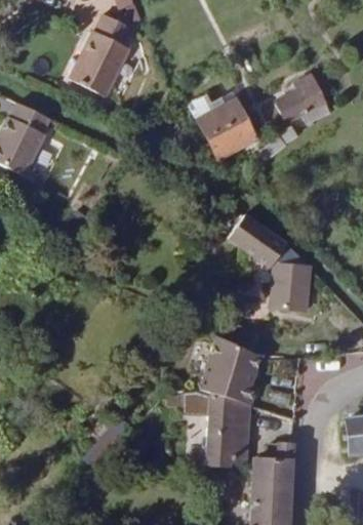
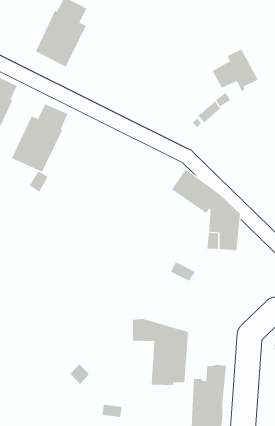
building: [190,93,257,160] -> none
building: none -> [11,103,68,172]
building: [200,336,259,405] -> none

